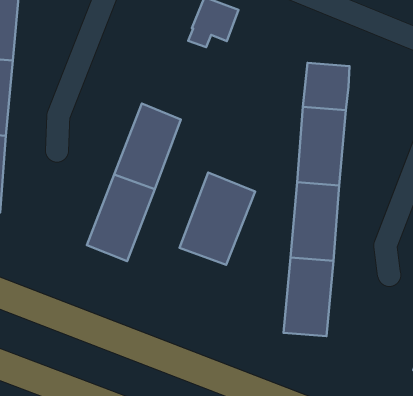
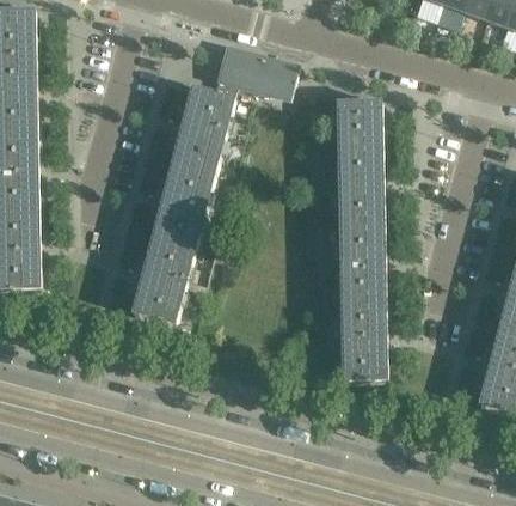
building: none -> [252,56,297,99]
building: none -> [172,87,234,175]
building: [179,173,255,265] -> none

